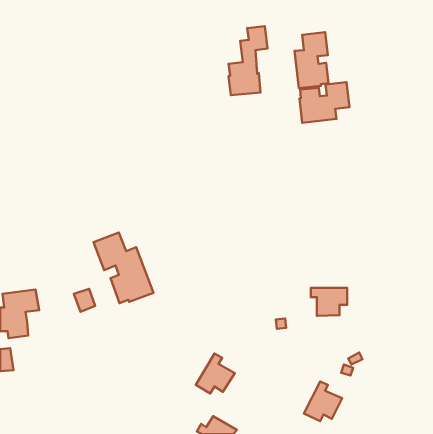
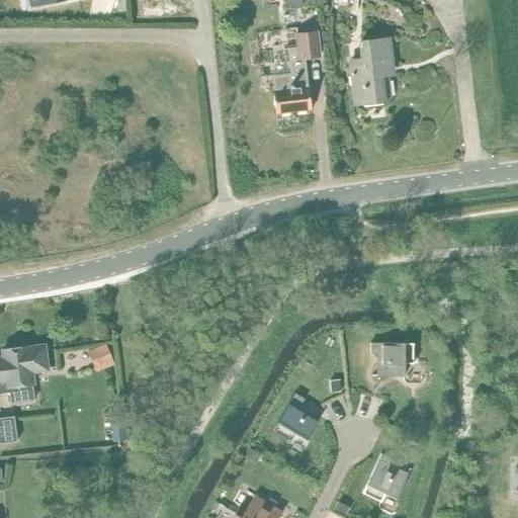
building: [299,82,349,123] -> none
building: [94,233,153,303] -> none
building: [196,353,235,393] -> [274,394,321,441]

